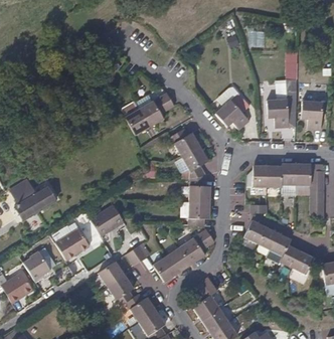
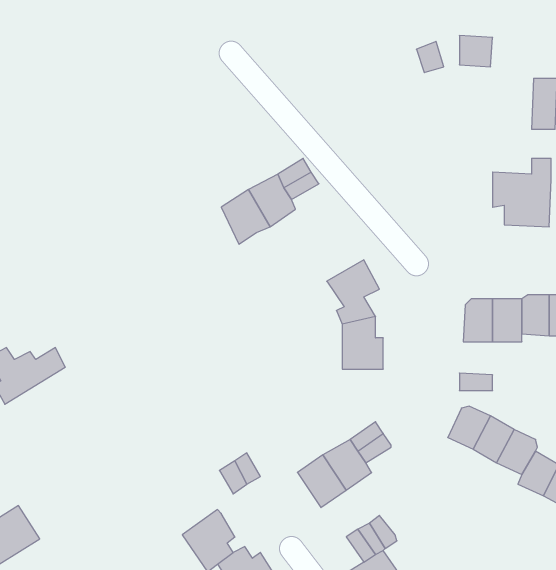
building: [214,100,249,131] -> none
building: [170,129,200,157] -> none
building: [188,202,210,225] -> none
building: [90,203,124,235] -> none
building: [55,228,90,261] -> none
building: [22,248,56,281] -> none
building: [152,256,178,283] -> none
building: [98,261,125,288] -> none

